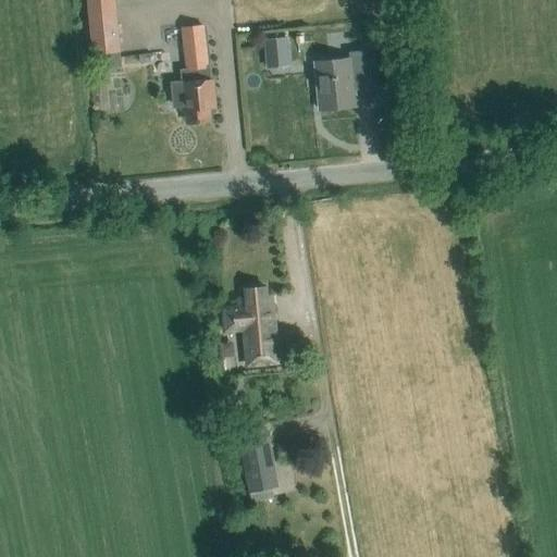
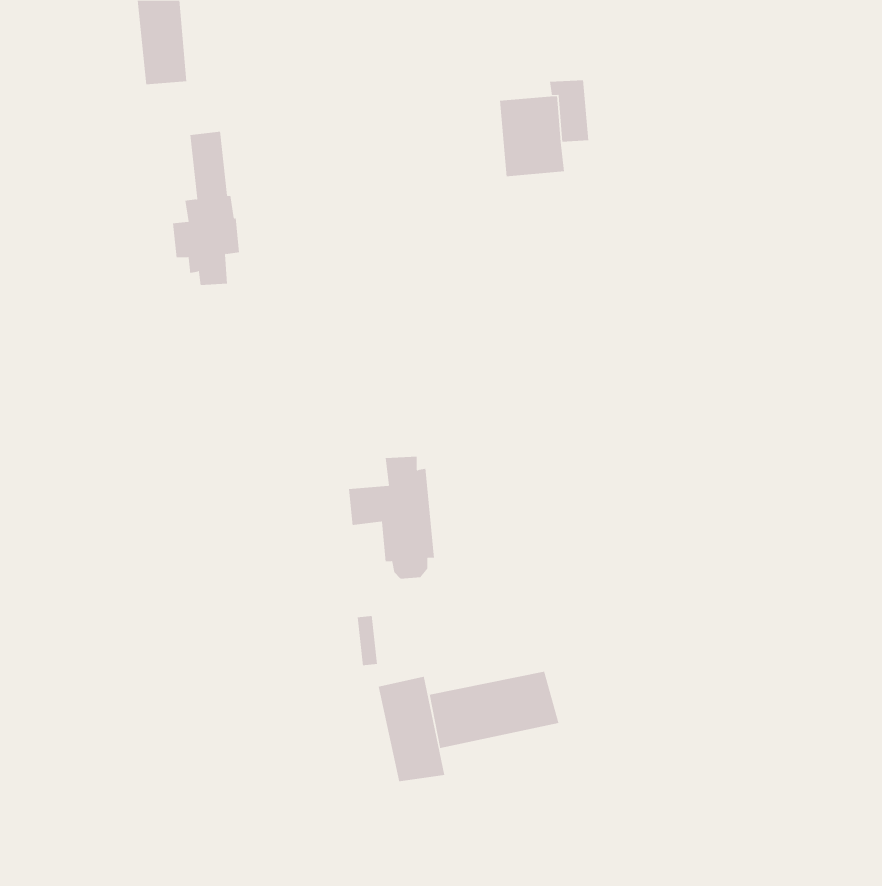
building: [173,25,215,122] -> [172,131,240,286]
building: [261,37,288,69] -> none
building: none -> [429,671,559,749]

